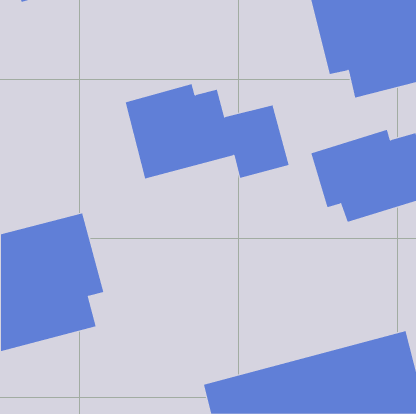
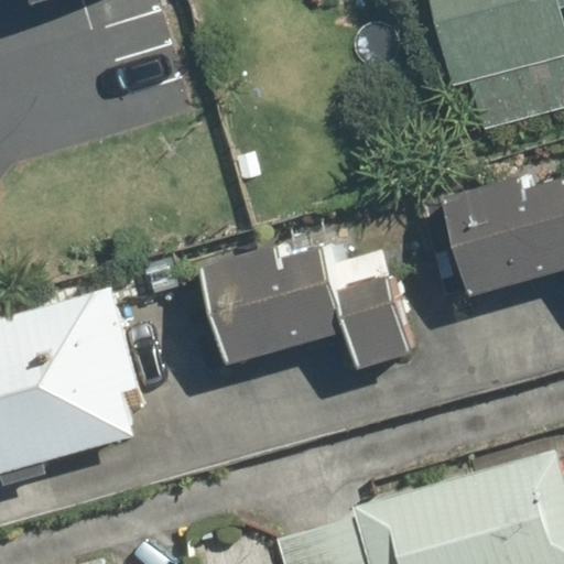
building: [125,83,289,179] -> [197,241,419,370]

